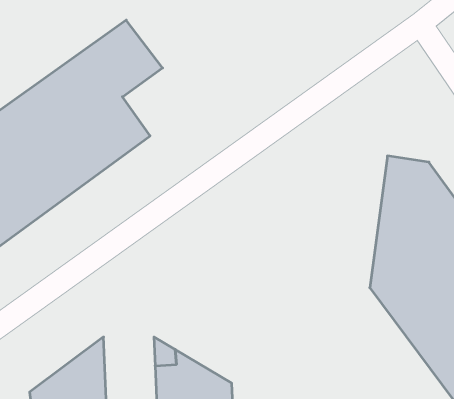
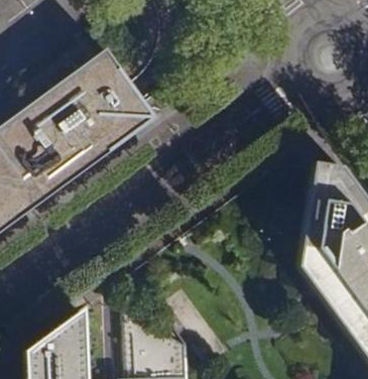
building: none -> [100,90,154,144]

